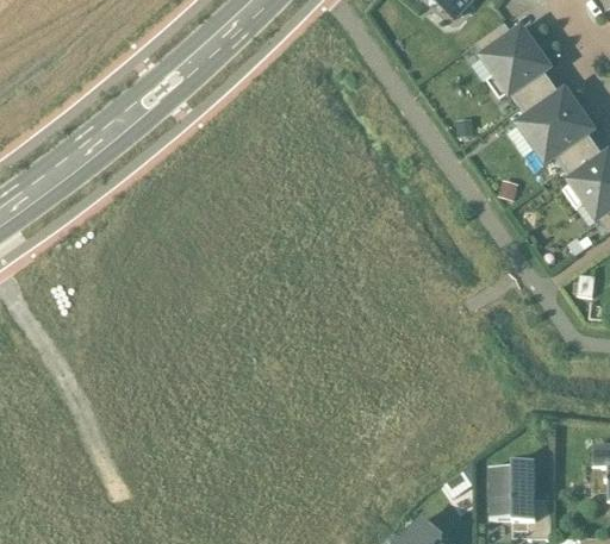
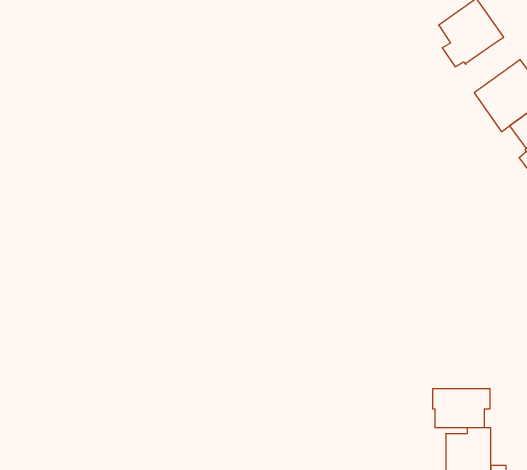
building: [511,70,558,115] -> none
building: none -> [433,388,490,428]

